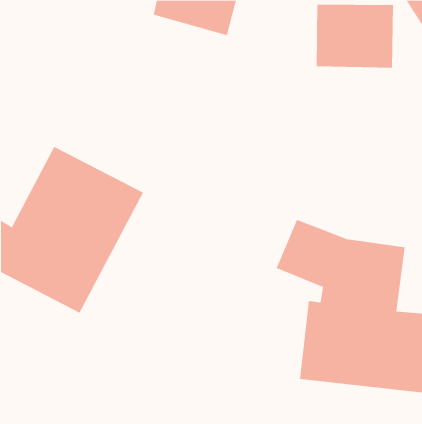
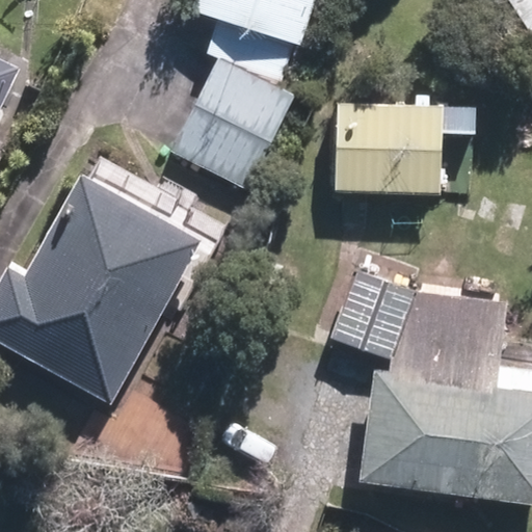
building: [316,4,394,68] -> [337,107,434,187]
building: none -> [177,68,295,189]

